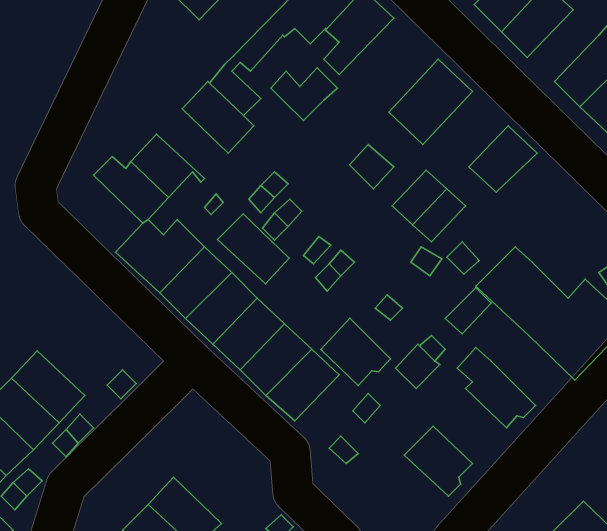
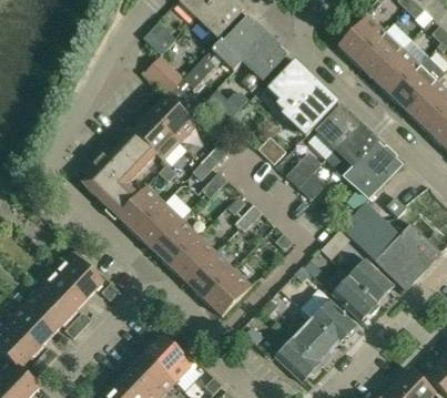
building: none -> [374,48,420,94]
building: none -> [146,57,183,93]
building: none -> [268,60,316,114]
building: none -> [316,104,362,150]
building: none -> [345,141,403,198]
building: none -> [81,155,124,205]
building: [218,214,289,284] -> [133,112,180,157]
building: [321,318,391,385] -> none
building: none -> [55,252,103,298]
building: none -> [351,259,394,305]
building: none -> [313,299,356,343]
building: none -> [144,334,193,381]
building: none -> [275,337,323,381]

